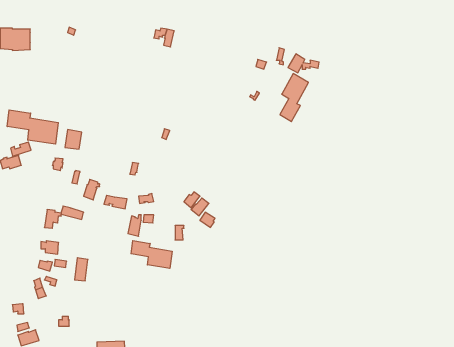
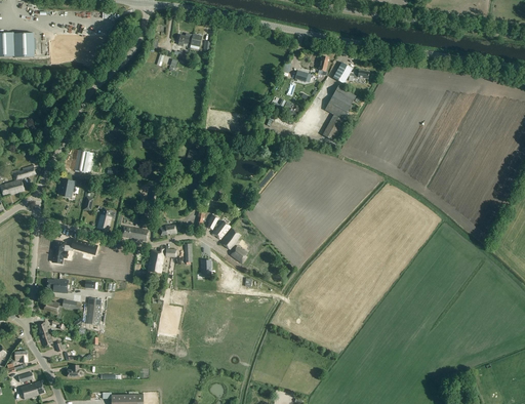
building: [7,110,58,144] -> none
building: [131,241,172,268] -> none

